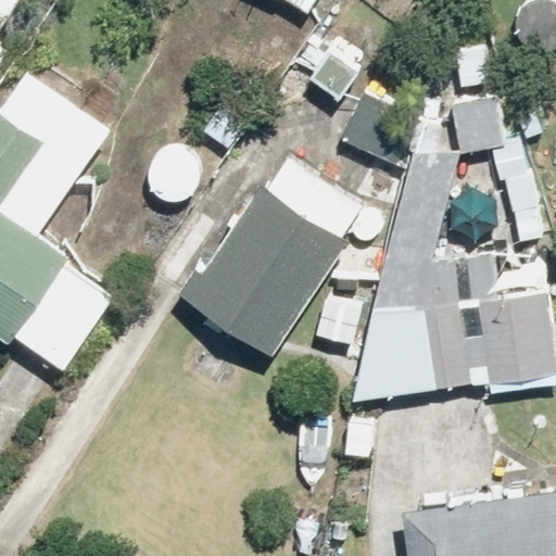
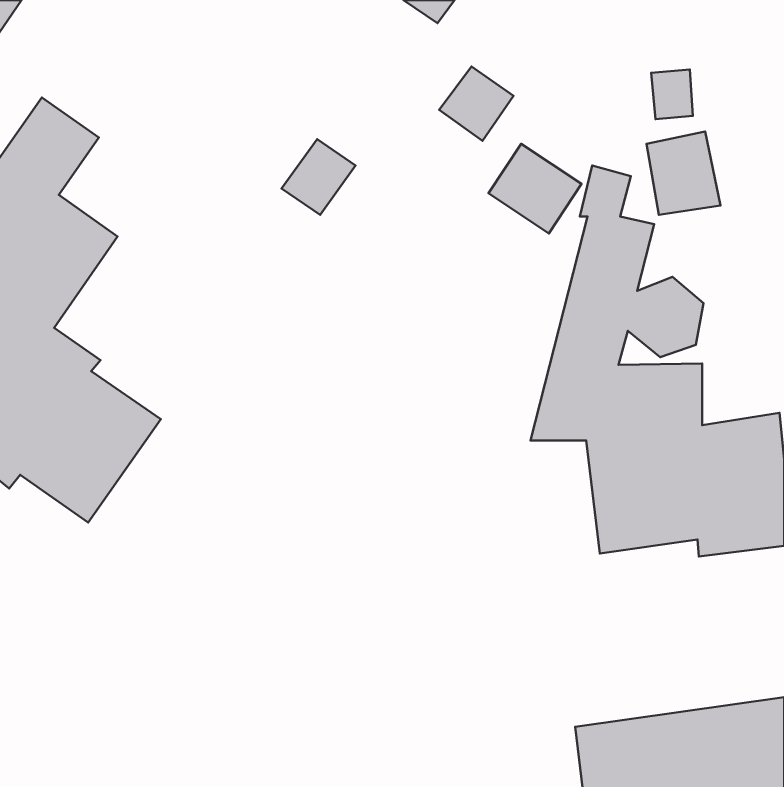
building: [181,151,366,356] -> none

